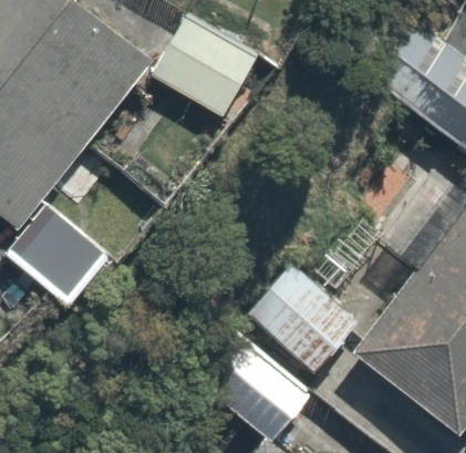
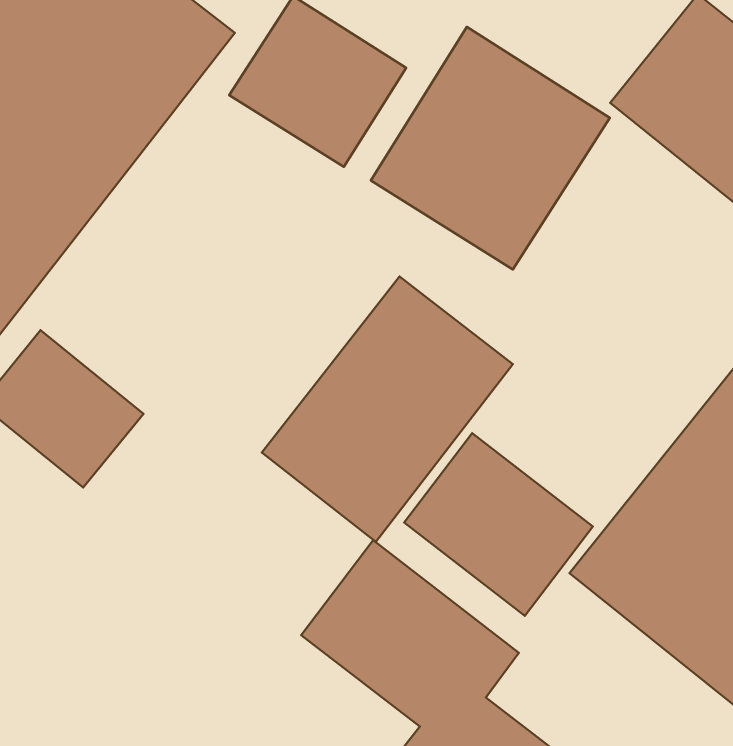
building: none -> [371,27,610,270]
building: none -> [262,276,513,542]

